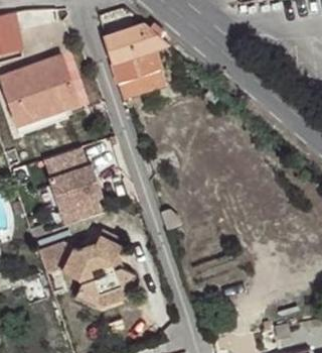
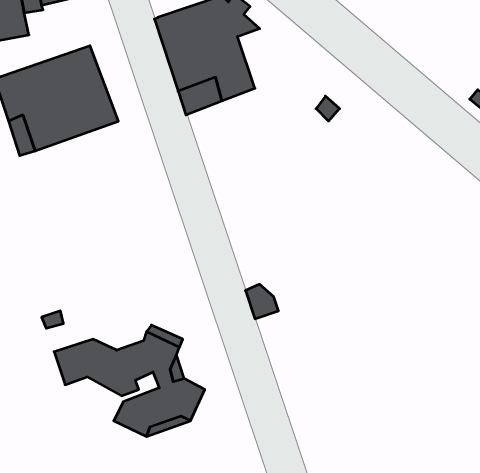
building: [38,146,103,227] -> none

